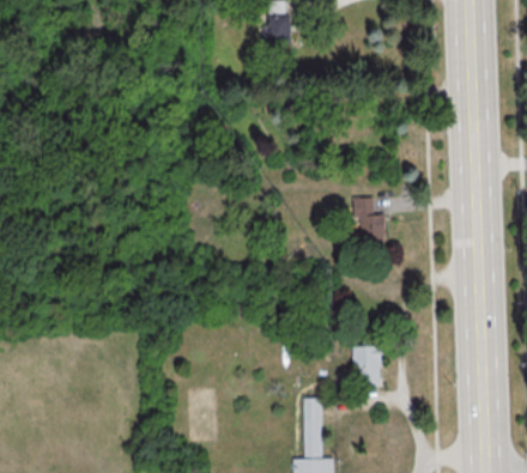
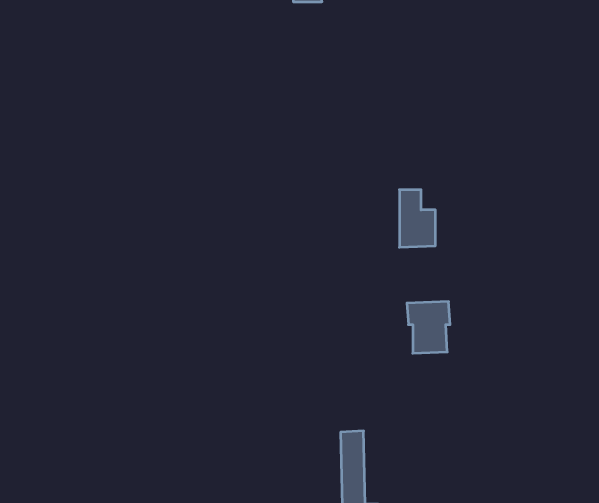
building: [351,345,387,388] -> [407,302,450,353]

